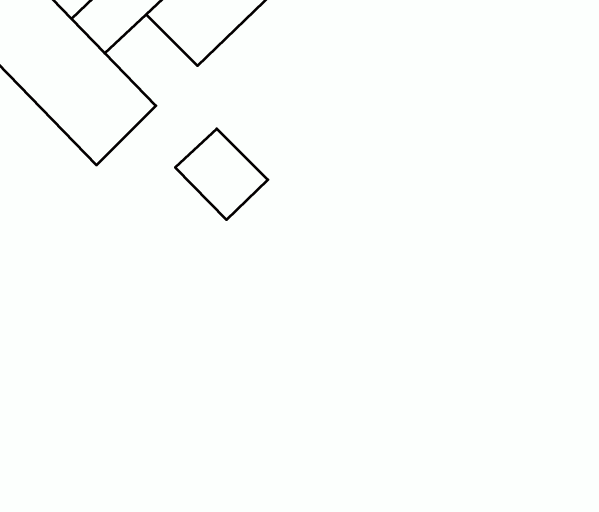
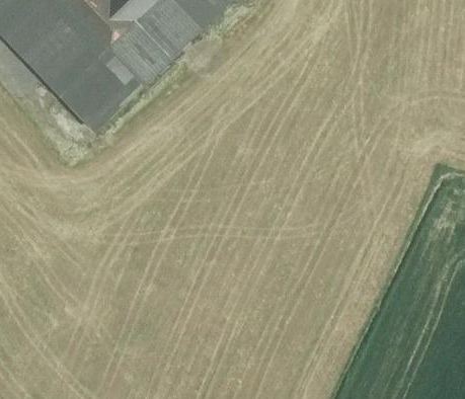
building: [175,129,268,220] -> [100,21,168,88]

